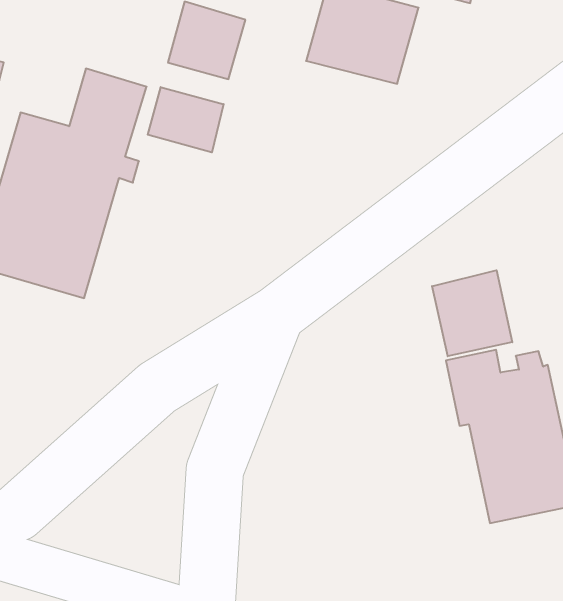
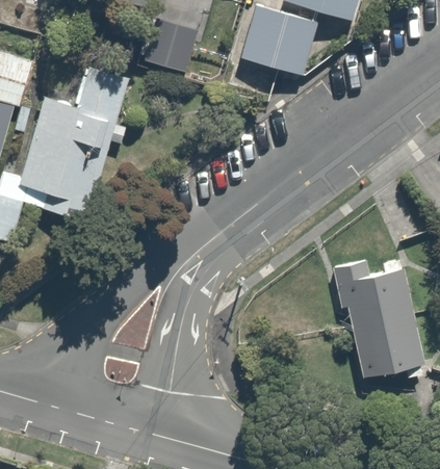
building: [148,87,224,152] -> none
building: [432,270,512,356] -> none

